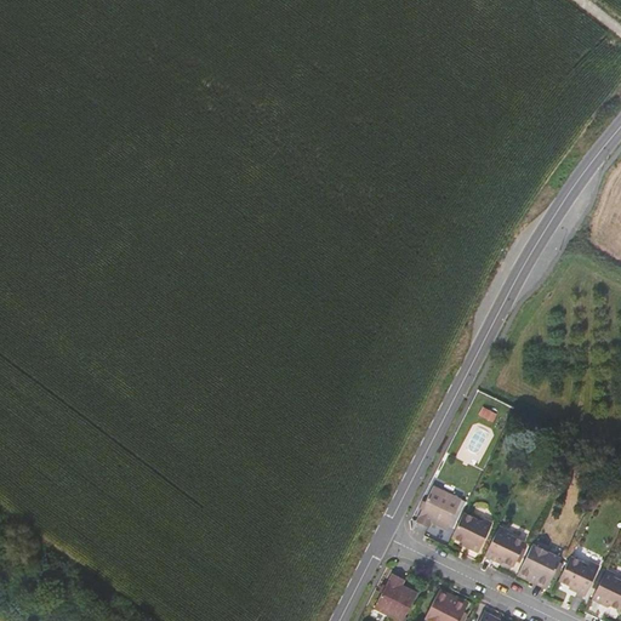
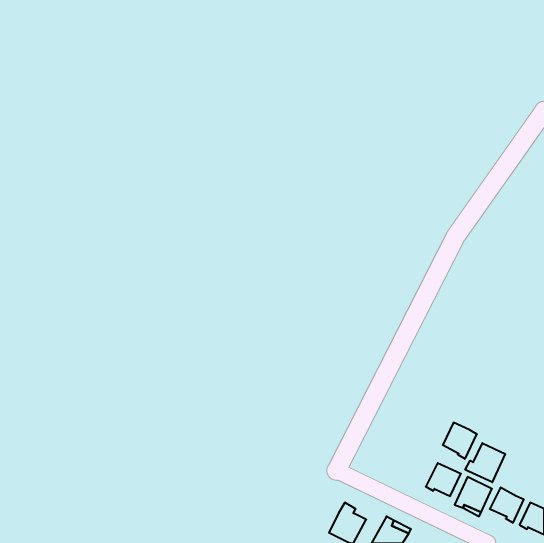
building: [416,485,461,528] -> none
building: none -> [465,443,505,482]
building: [452,511,491,552] -> [443,423,477,459]

